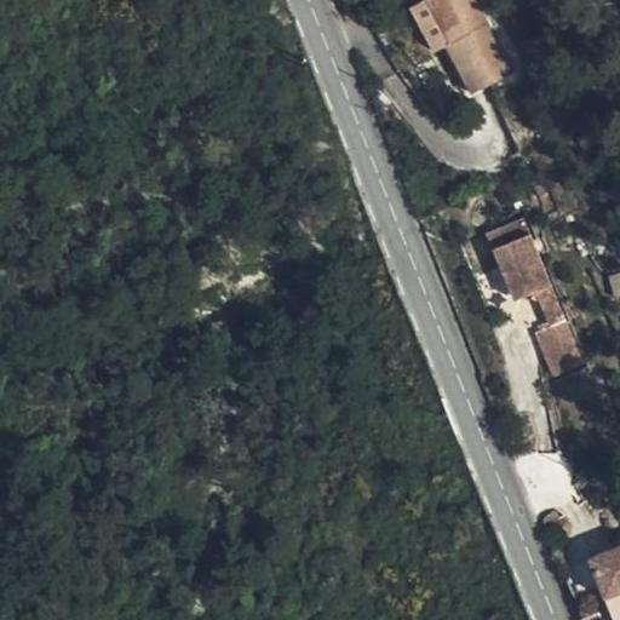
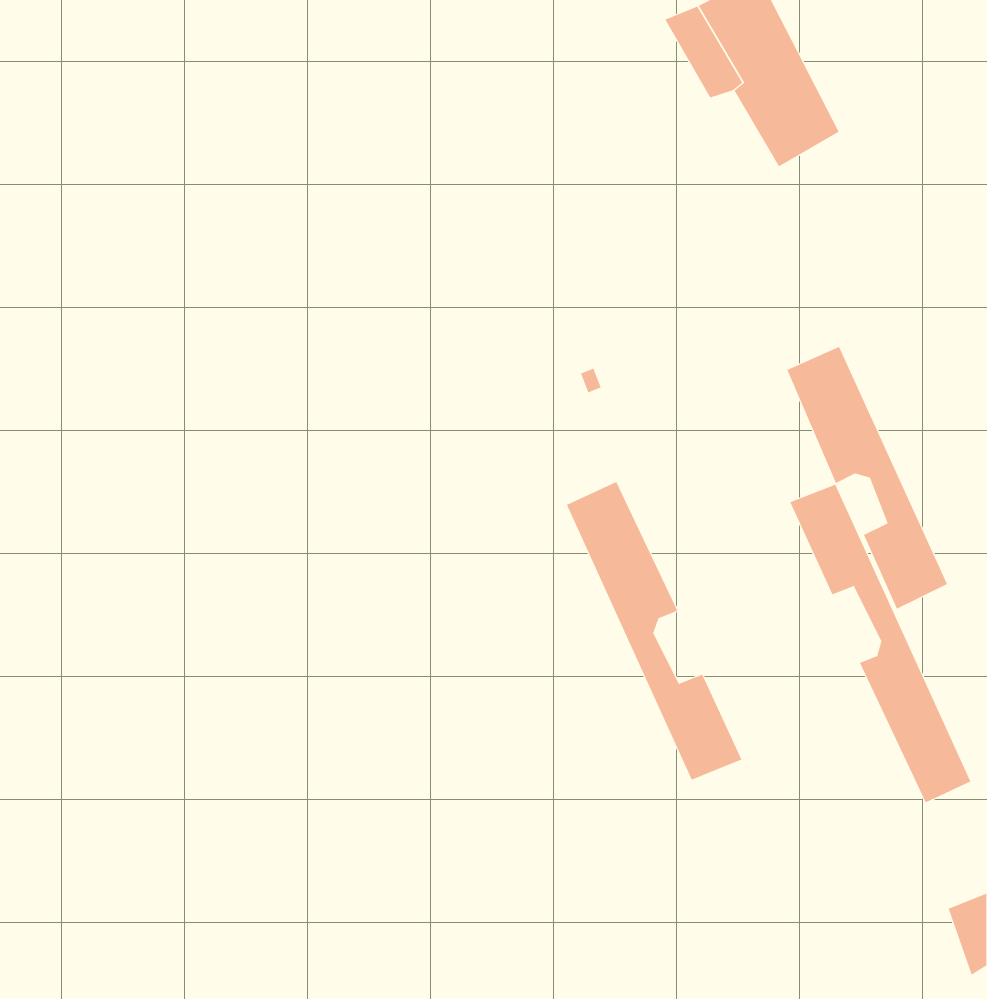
building: none -> [566,481,742,780]
building: none -> [789,484,971,803]

